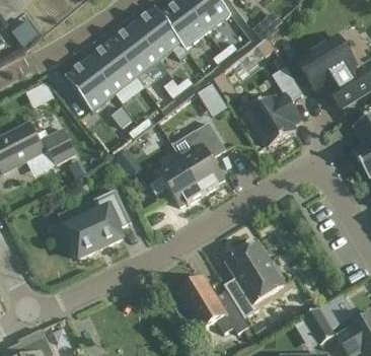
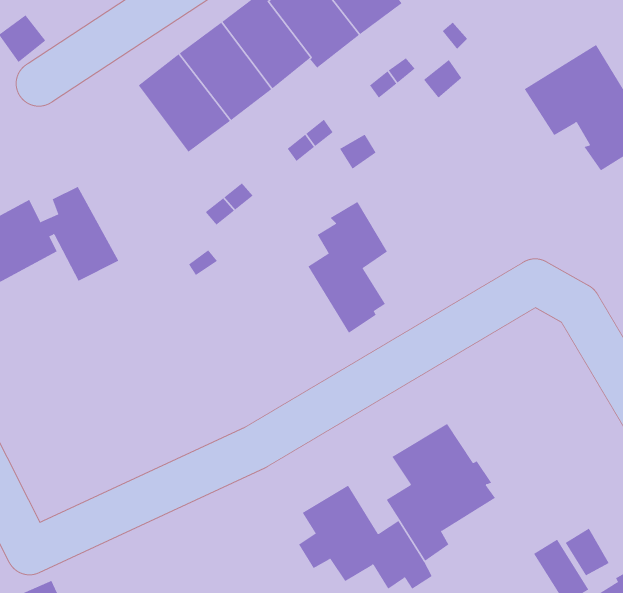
building: [65,59,115,113] -> none
building: [245,66,304,148] -> none
building: [147,157,202,206] -> none
building: [63,190,130,259] -> none

